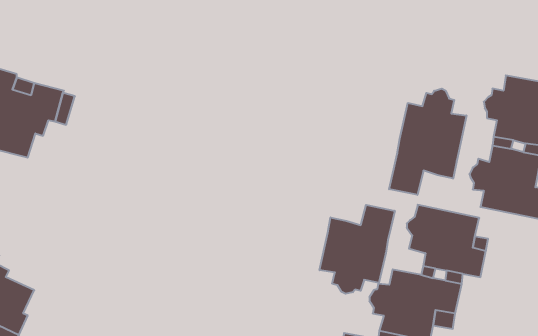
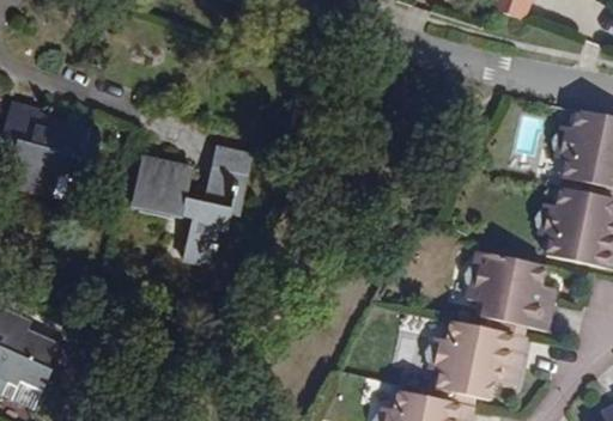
building: [389,89,466,195] -> none
building: none -> [131,145,256,262]
building: [320,205,395,294] -> none

